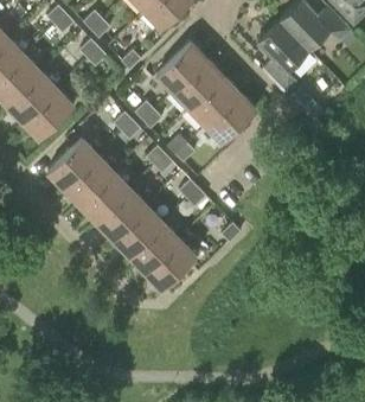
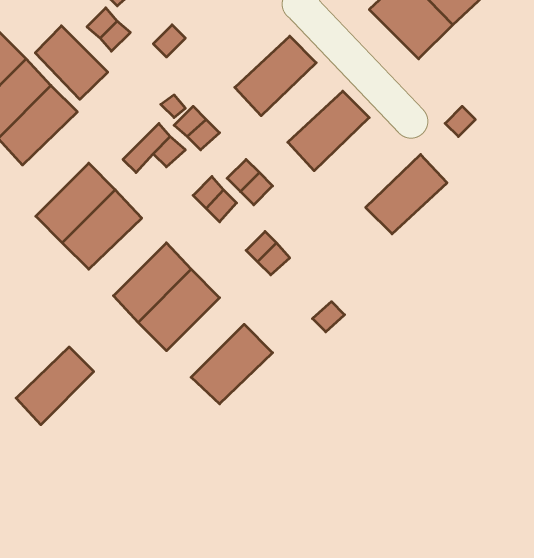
building: [156,42,206,90] -> none
building: none -> [35,26,108,99]
building: [188,75,239,125] -> [366,154,447,234]
building: [81,172,129,221] -> [16,347,94,425]
building: [129,222,178,272] -> none

